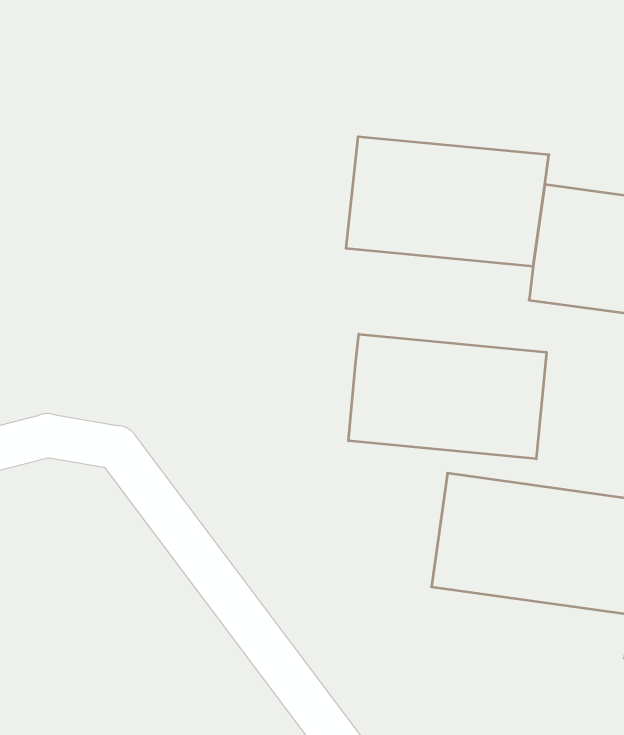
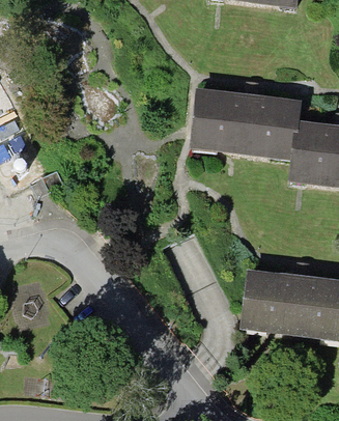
building: [349,334,546,459] -> none

